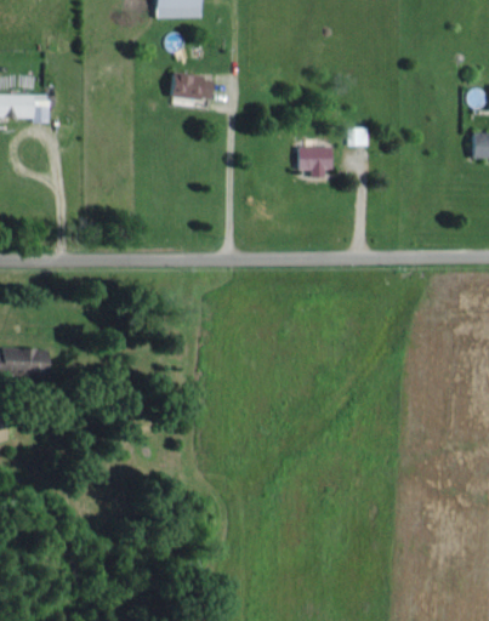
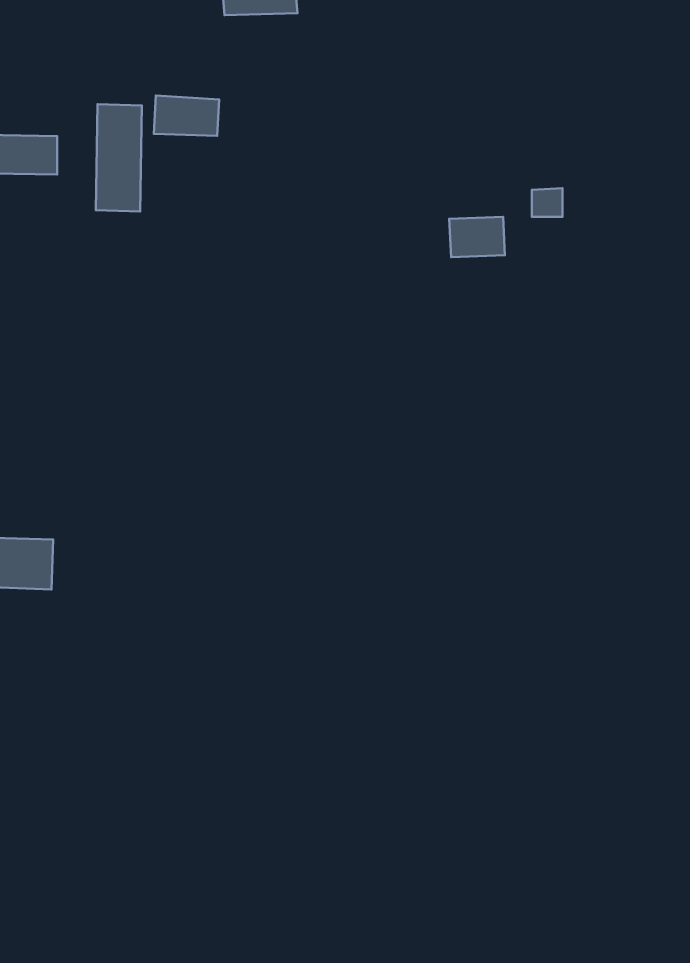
building: [171,73,212,98] -> [154,96,219,136]
building: none -> [96,104,142,212]

